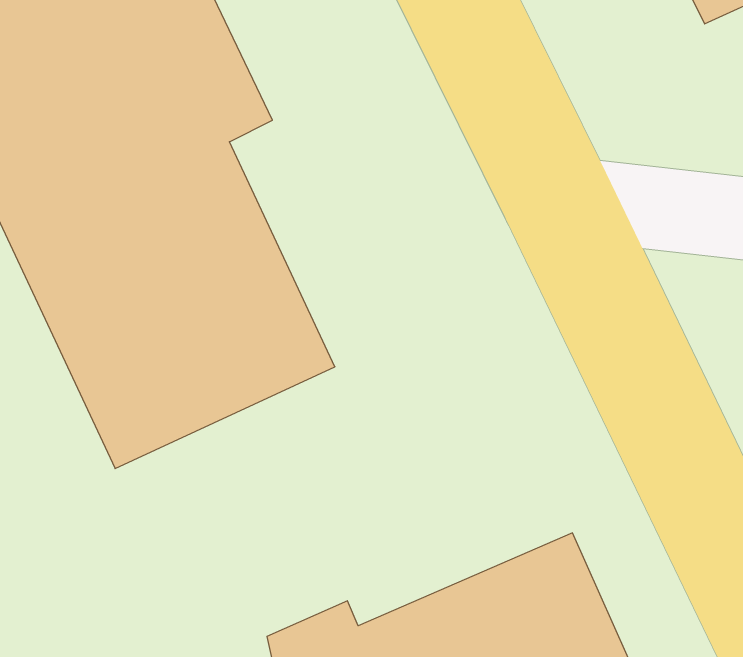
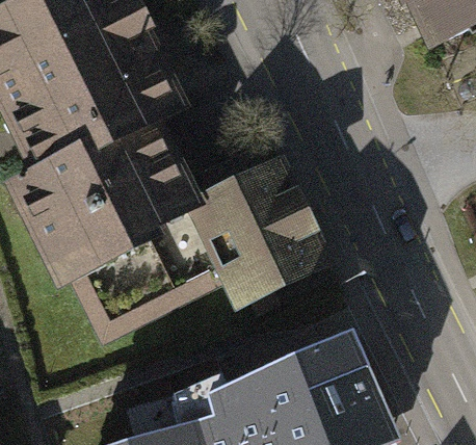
building: none -> [192,146,332,298]

